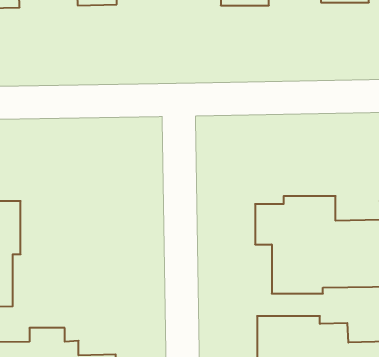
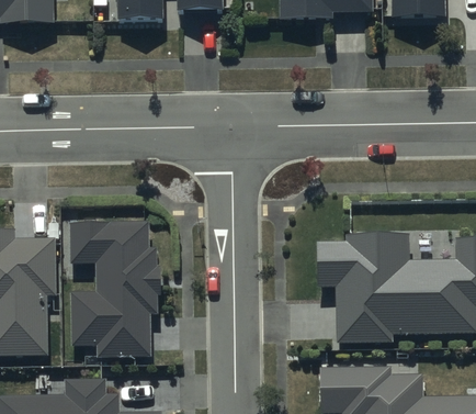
building: none -> [70,222,161,355]

